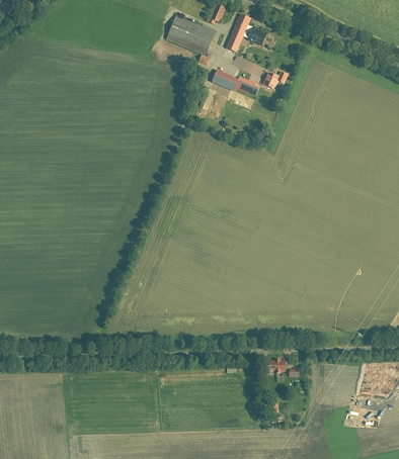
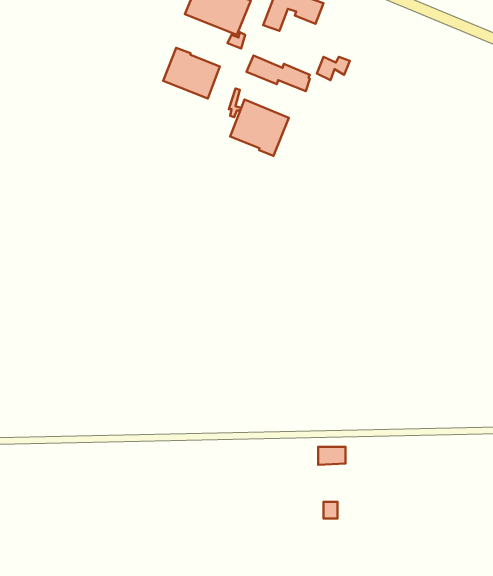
building: none -> [163,48,220,98]
building: none -> [230,100,289,156]

